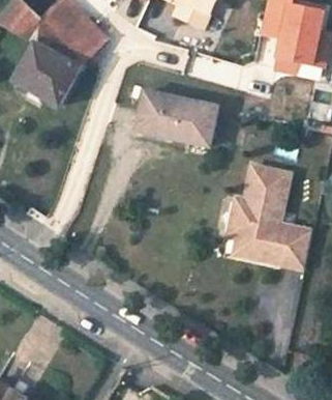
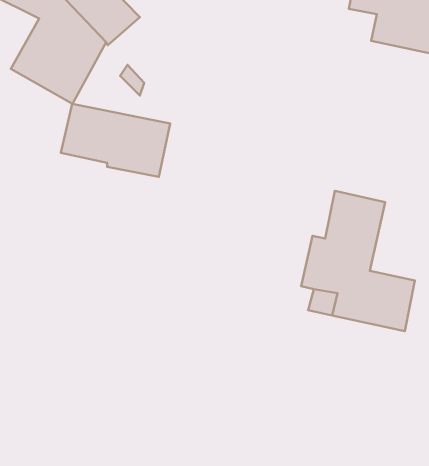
building: [134,91,215,145] -> [61,104,170,177]

